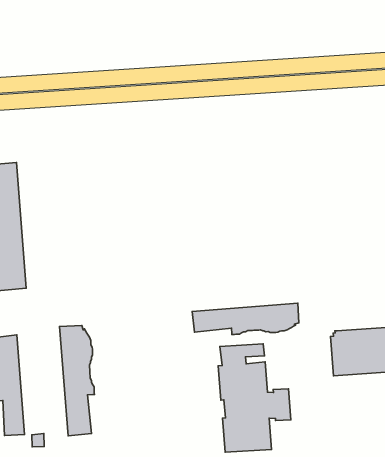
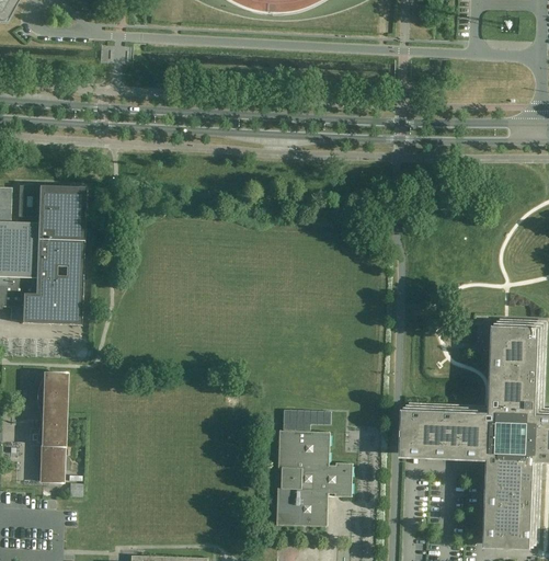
building: [192,303,299,334] -> none
building: [60,326,94,436] -> none

